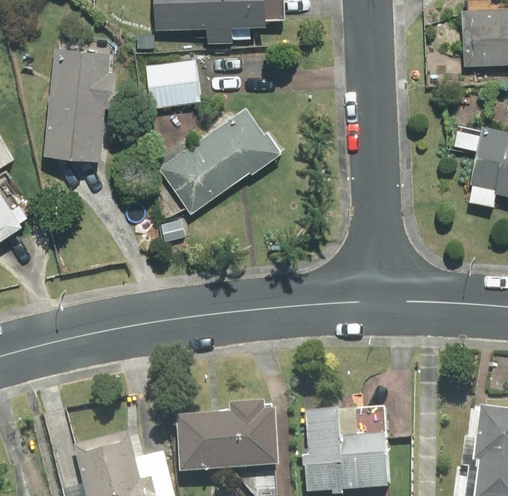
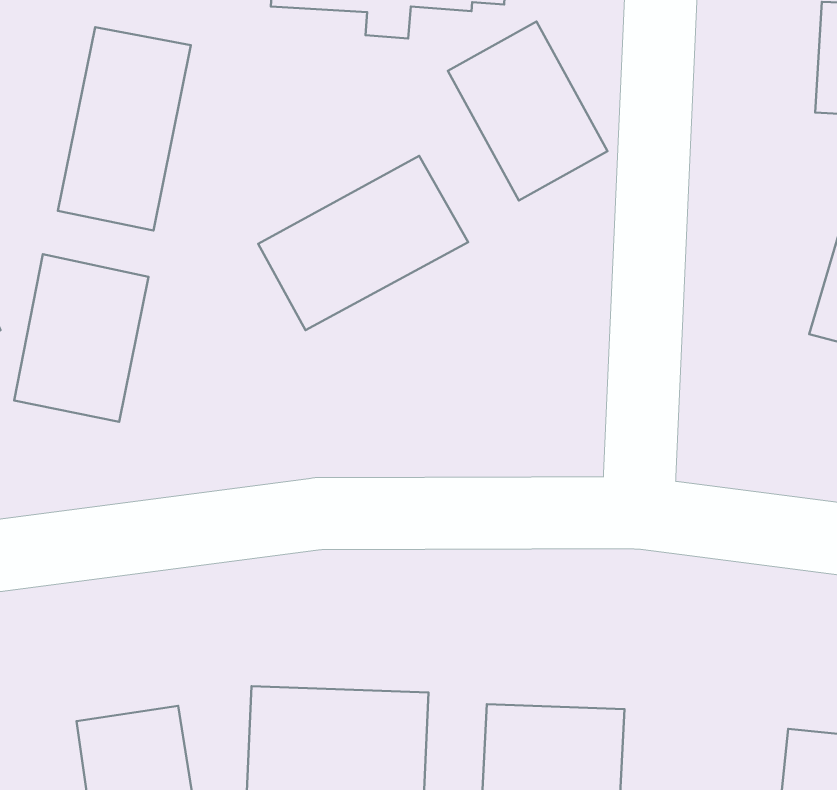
building: none -> [448,21,608,200]
building: [148,54,201,109] -> none
building: none -> [14,254,149,422]

